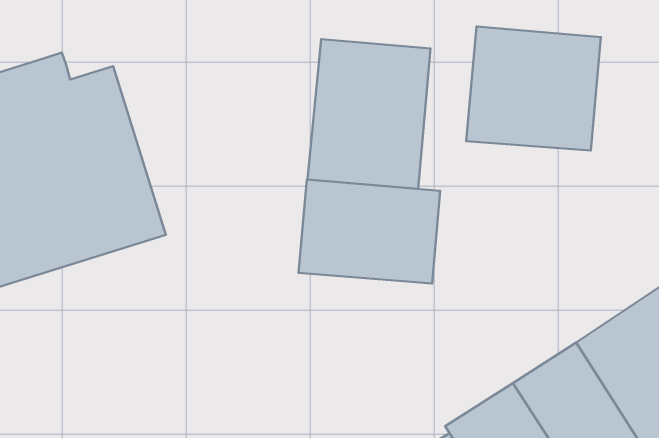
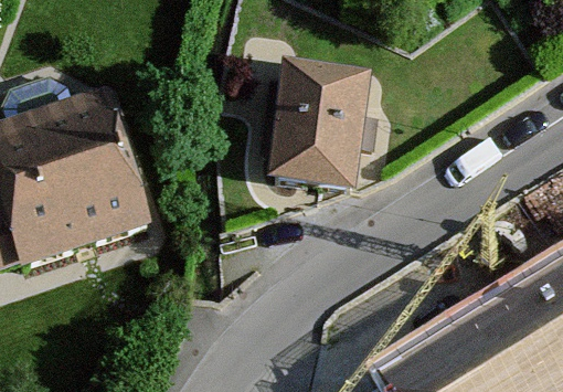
building: [466,26,601,151] -> none
building: [299,179,440,283] -> none

